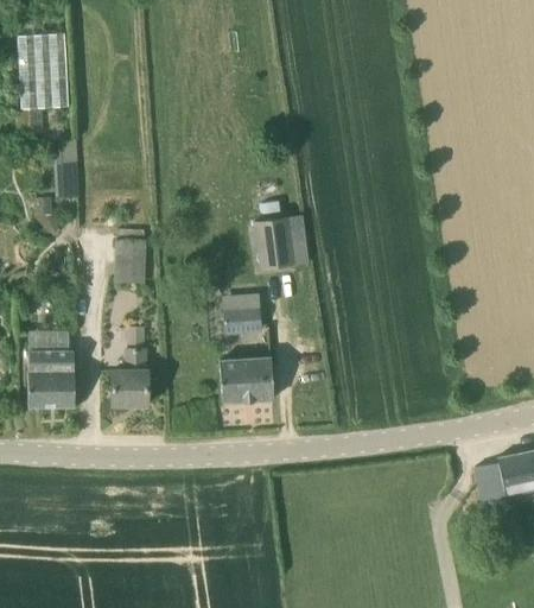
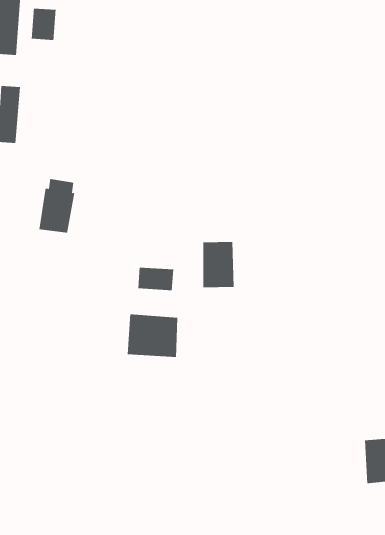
building: none -> [31,8,56,41]
building: [255,217,294,270] -> [202,241,234,288]
building: [110,349,147,404] -> none

